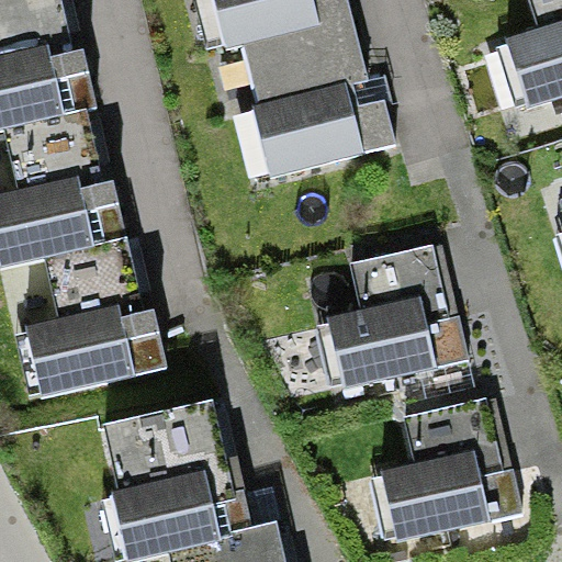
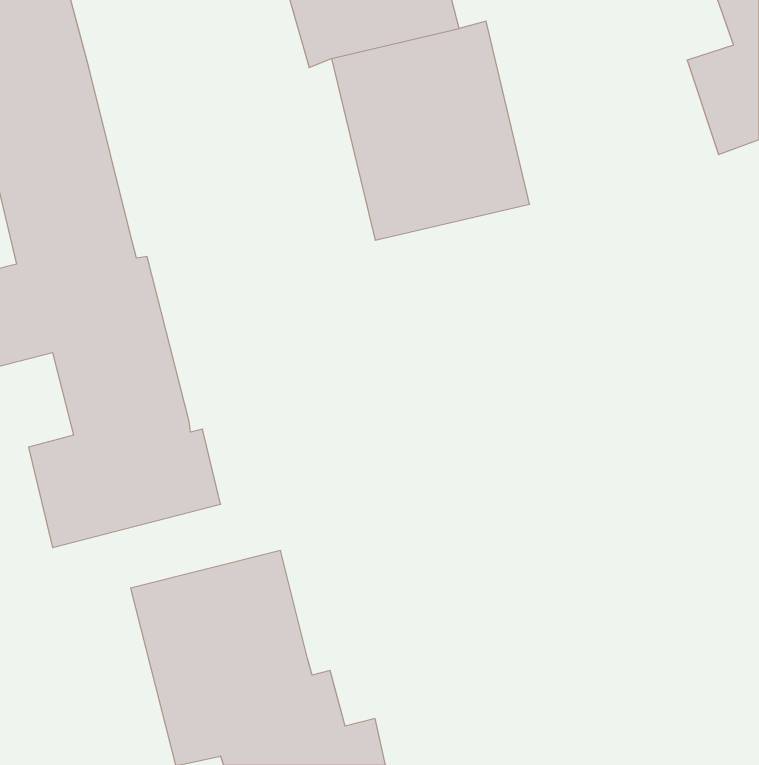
building: [318,247,456,384] -> none
building: [375,402,508,540] -> none

